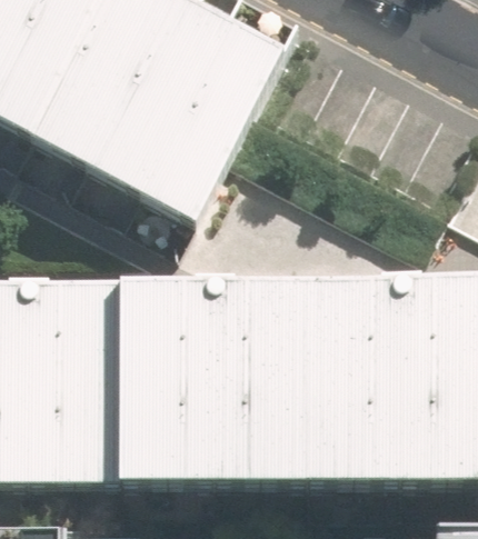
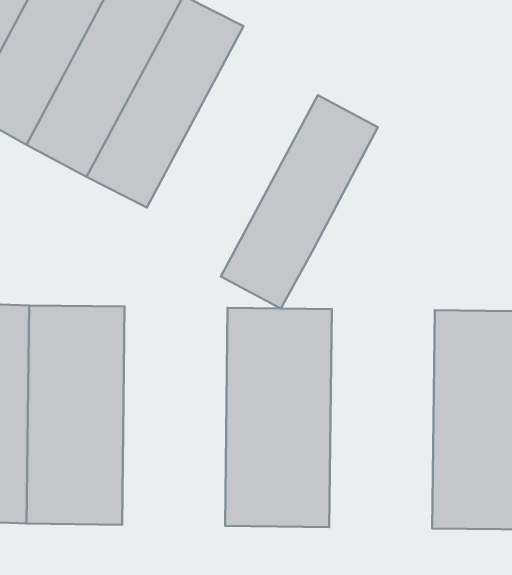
building: [141,24,283,218] -> [221,95,378,308]
building: [119,279,215,478] -> none
building: [307,281,402,480] -> none

